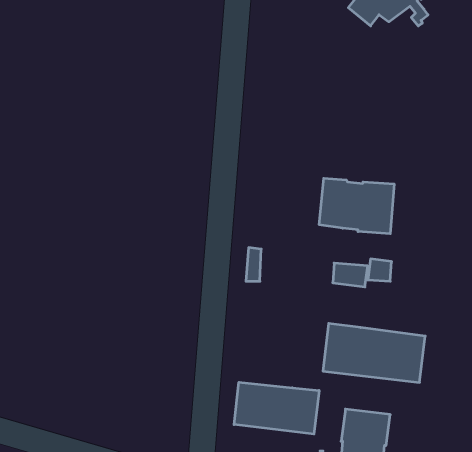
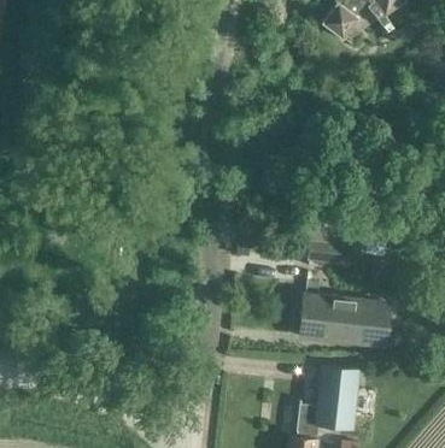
building: [319,178,394,234] -> none
building: [234,382,319,434] -> none

